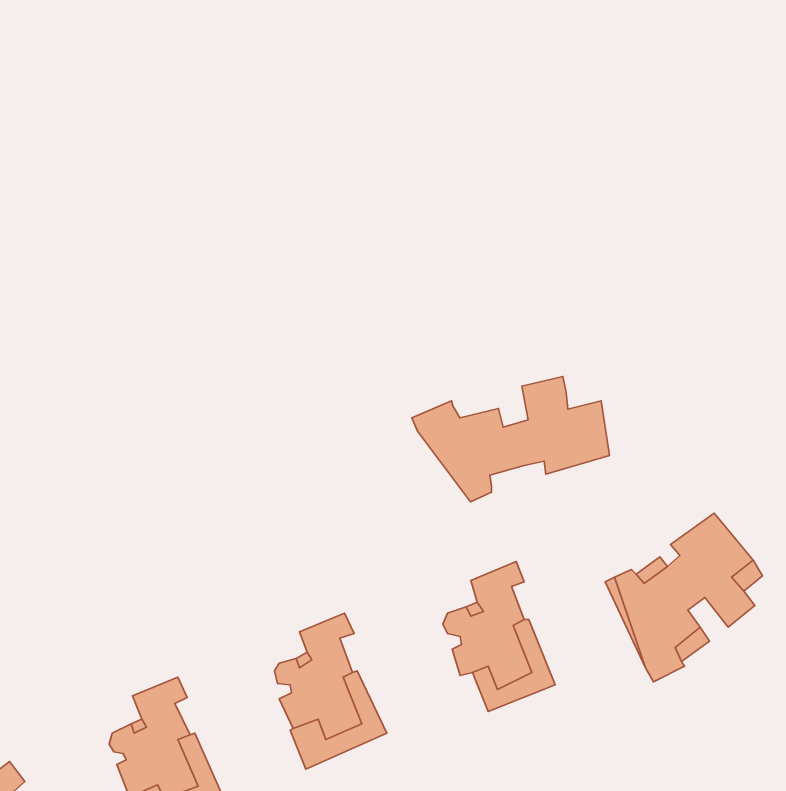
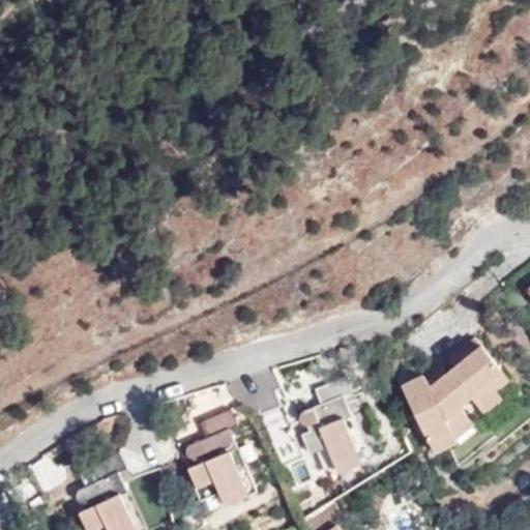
building: [412,376,609,502] -> none

